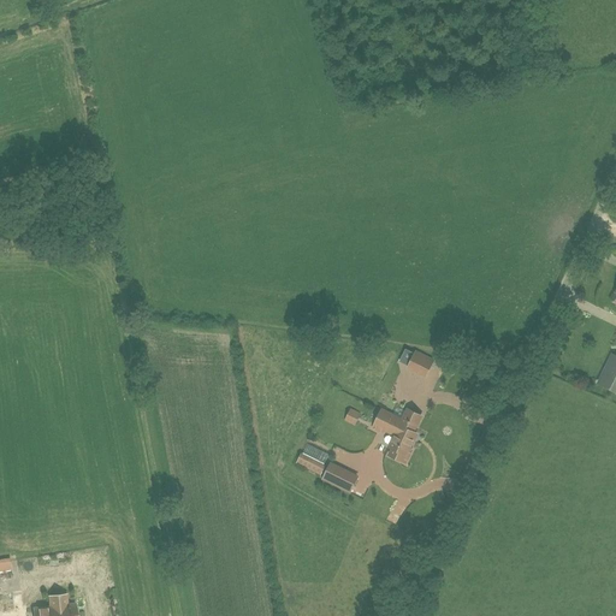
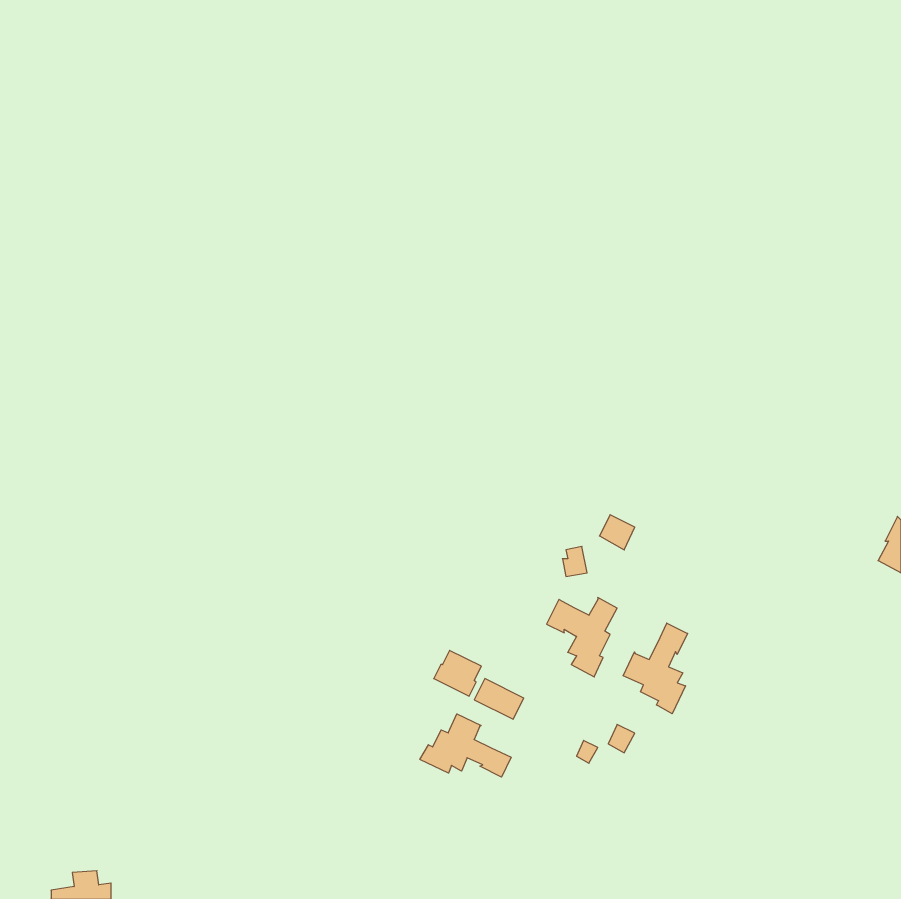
building: none -> [623,623,688,714]
building: none -> [420,714,511,777]

